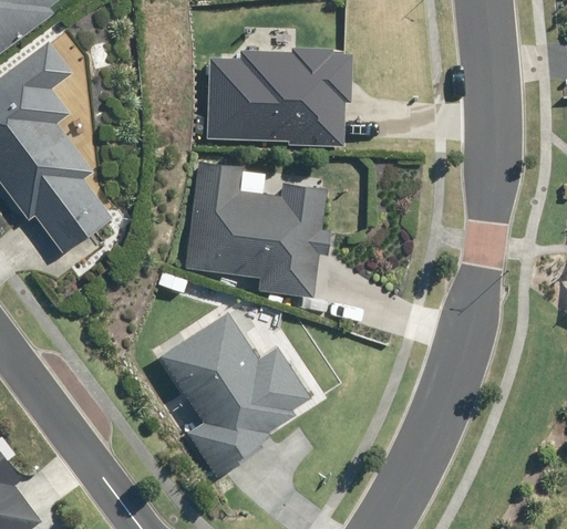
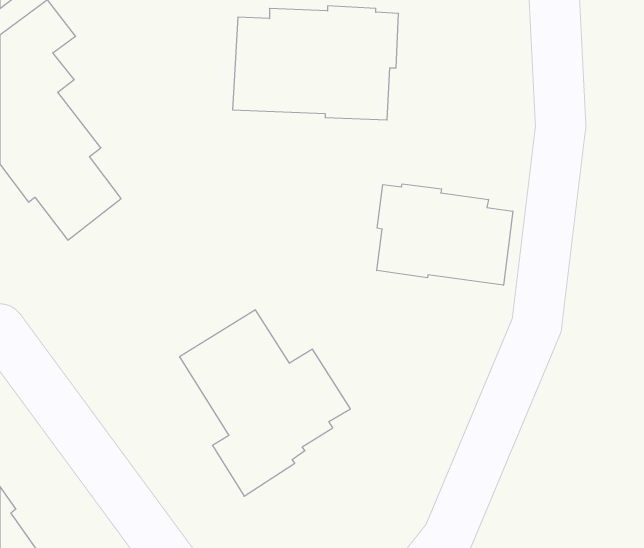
building: [185,162,328,297] -> none
building: none -> [377,184,513,285]

